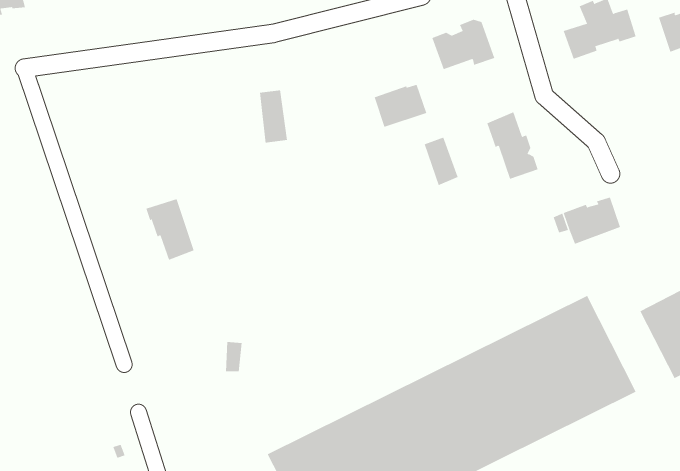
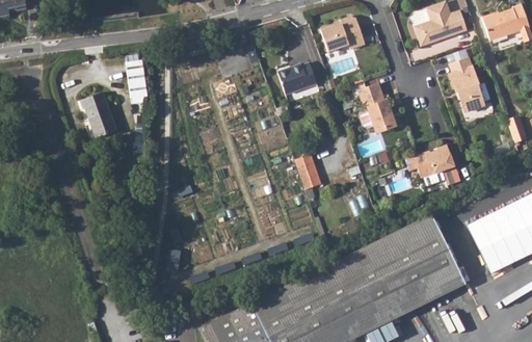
building: none -> [449,56,483,110]
building: [259,90,288,143] -> [127,59,148,98]
building: [424,137,458,186] -> [295,155,320,190]
building: [146,198,195,261] -> [81,91,116,136]

